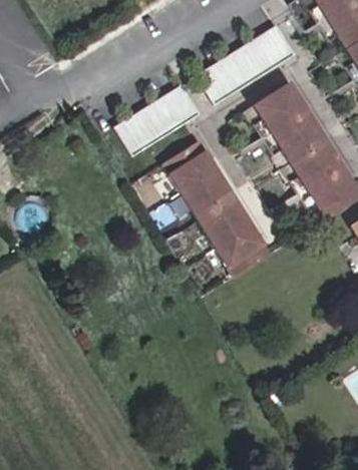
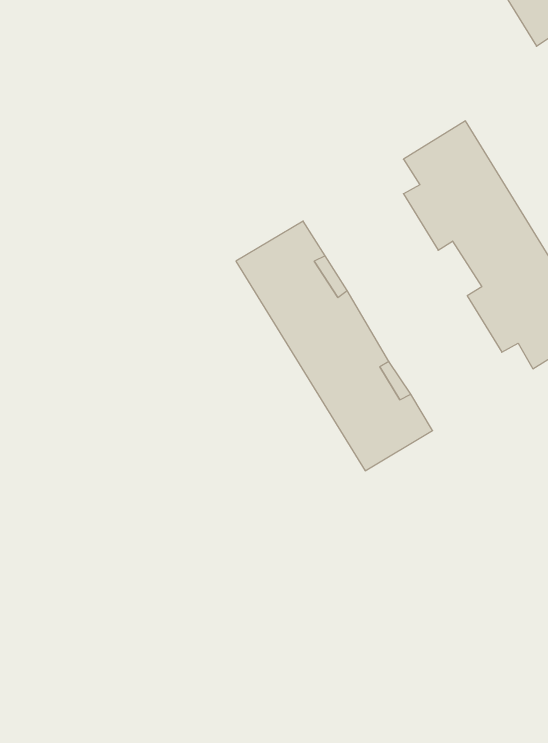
building: [196,24,296,103] -> none
building: [113,84,200,154] -> none

